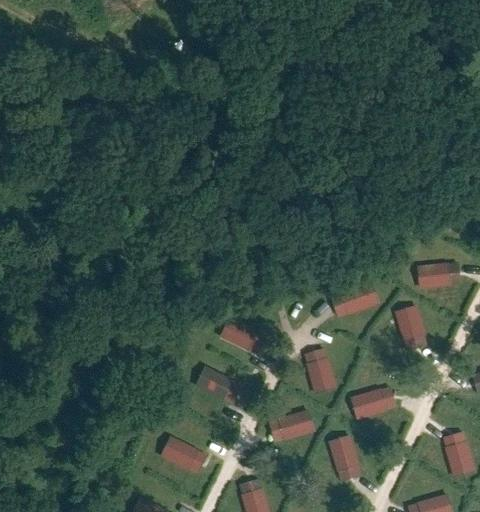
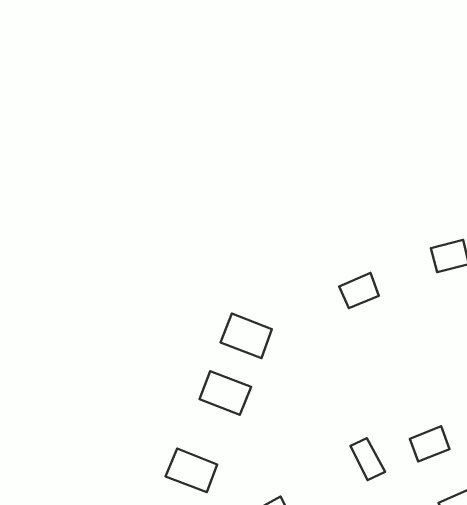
building: [394,306,423,346] -> none
building: [307,354,336,394] -> none
building: [352,388,388,419] -> [410,426,450,462]
building: [278,409,315,440] -> none

